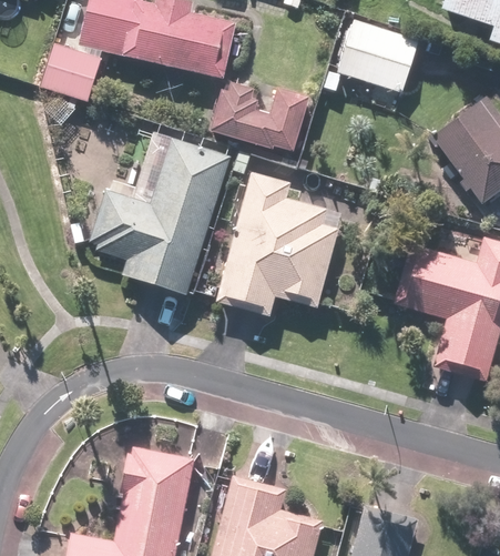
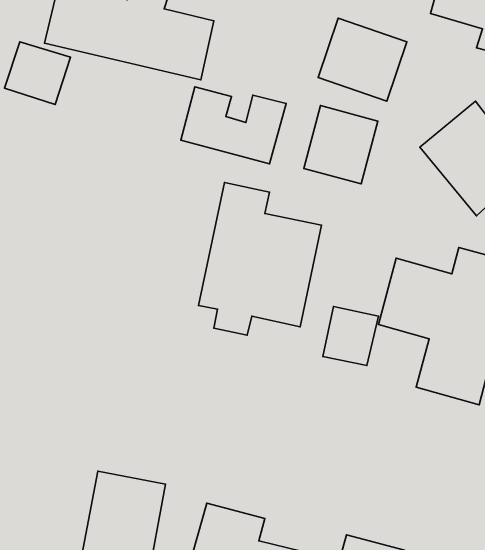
building: none -> [304,106,378,184]
building: [89,138,231,299] -> none
building: none -> [323,307,378,366]

